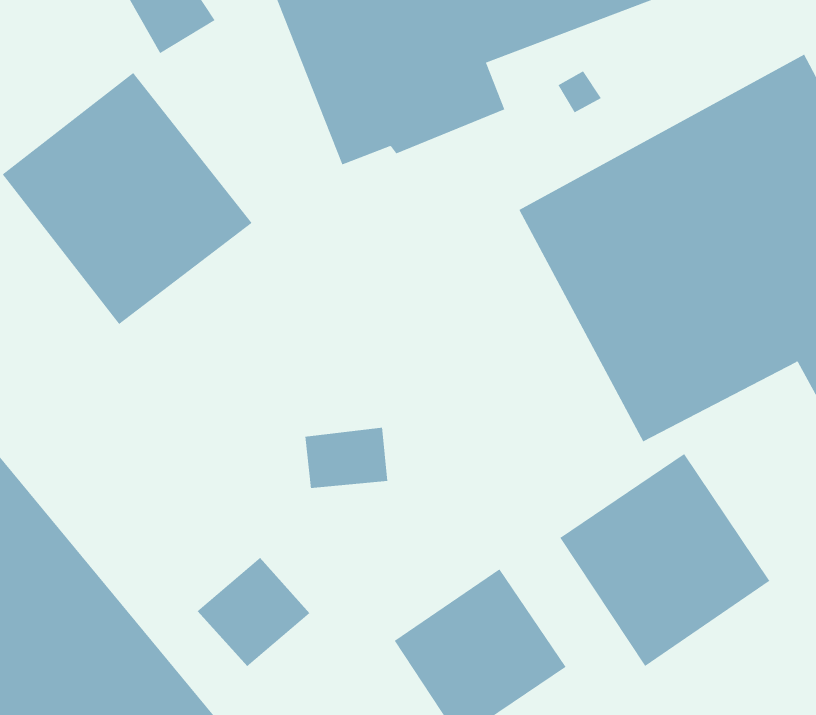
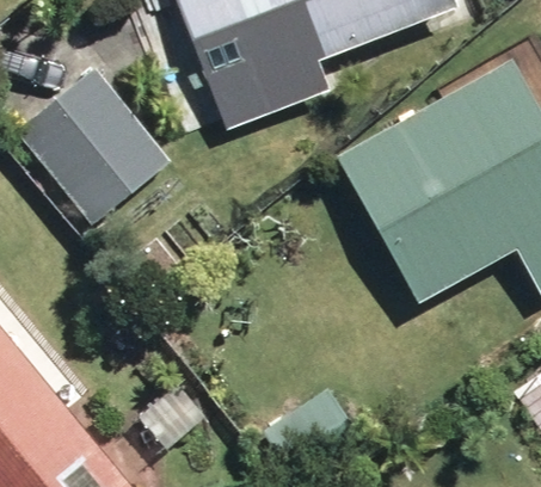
building: [560,453,770,667] -> none

